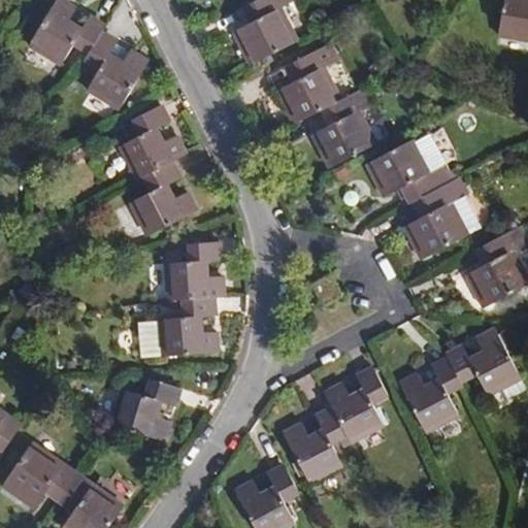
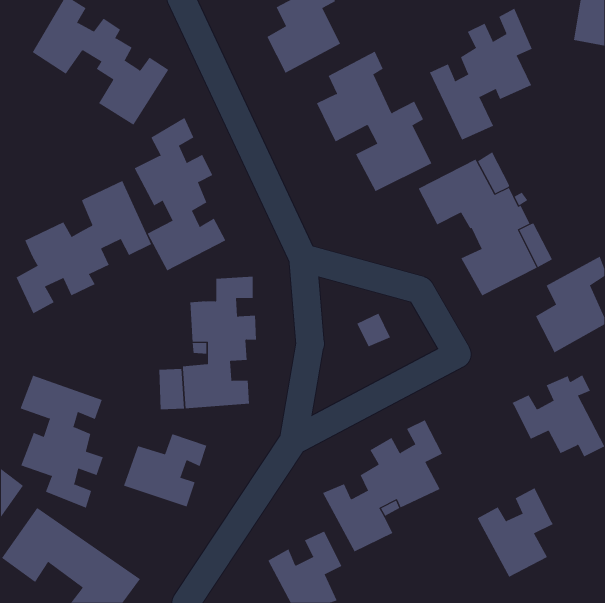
building: none -> [429,8,532,140]
building: none -> [16,180,152,314]
building: none -> [20,375,103,509]
building: [397,354,464,432] -> [477,487,554,577]

